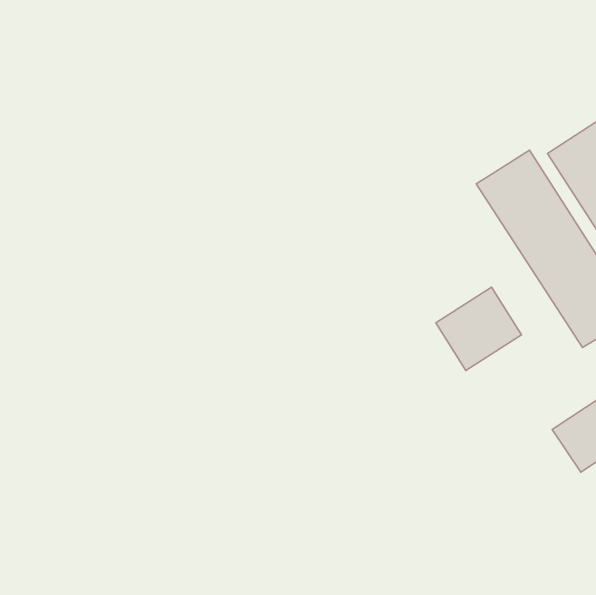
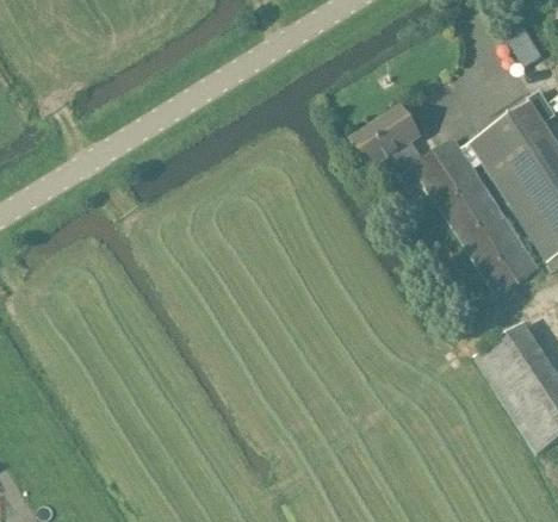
building: none -> [351,105,422,169]
building: [436,287,521,370] -> none

